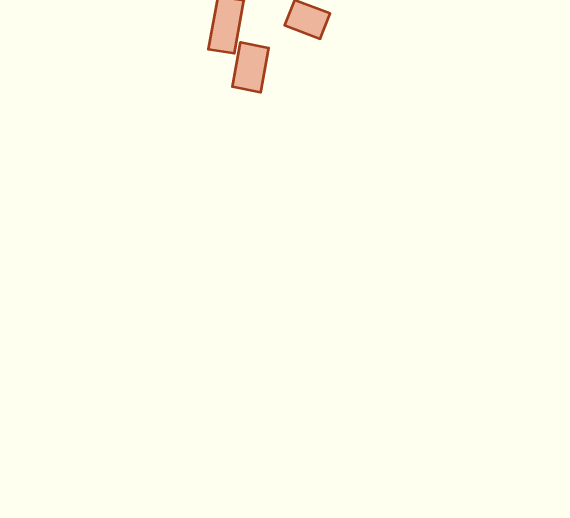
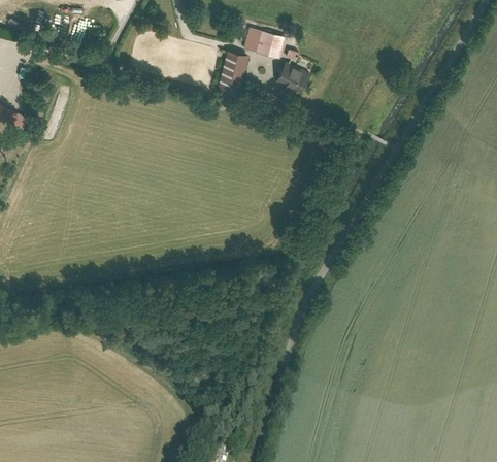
building: [232,42,269,92] -> none

